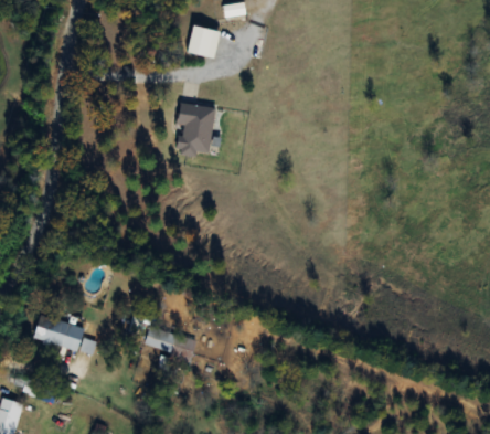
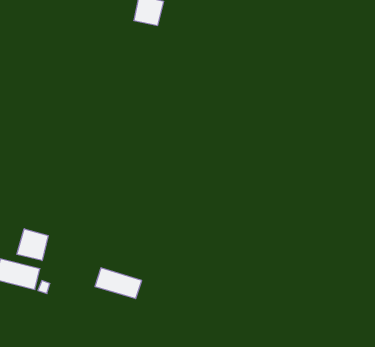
building: [178,103,215,156] -> none
building: none -> [17,229,48,261]

